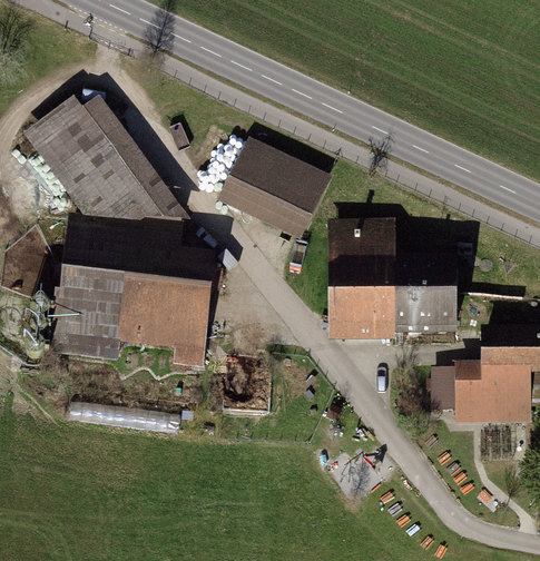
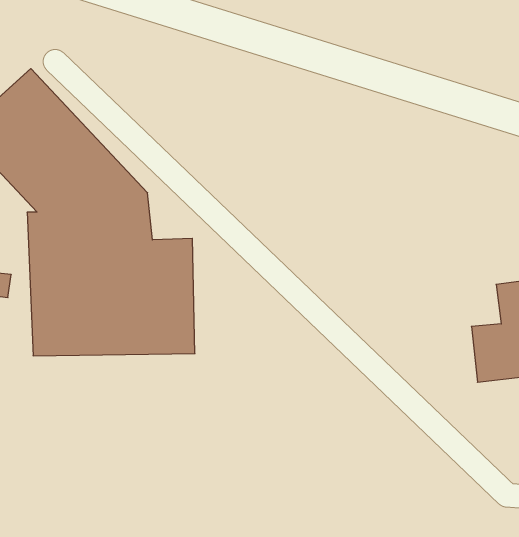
building: [222,138,328,236] -> none
building: [333,216,459,341] -> none

